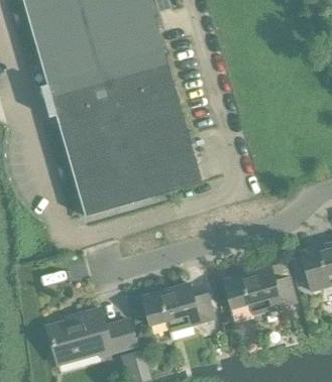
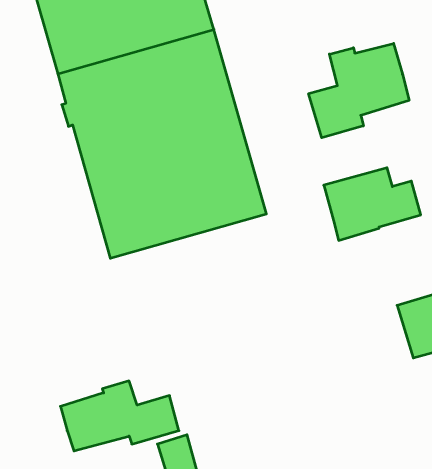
building: none -> [309,43,409,138]
building: [223,266,296,321] -> [324,168,421,240]
building: [141,282,215,338] -> none

